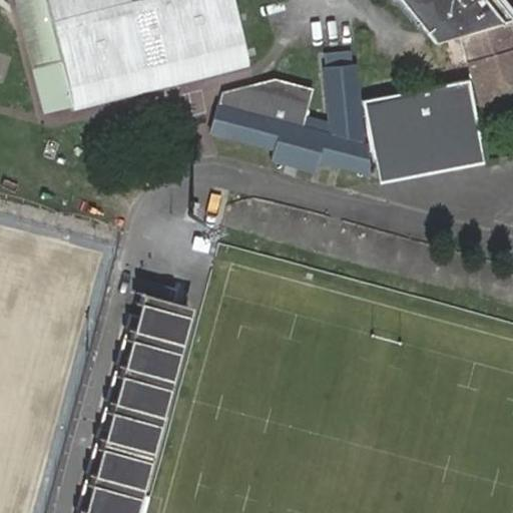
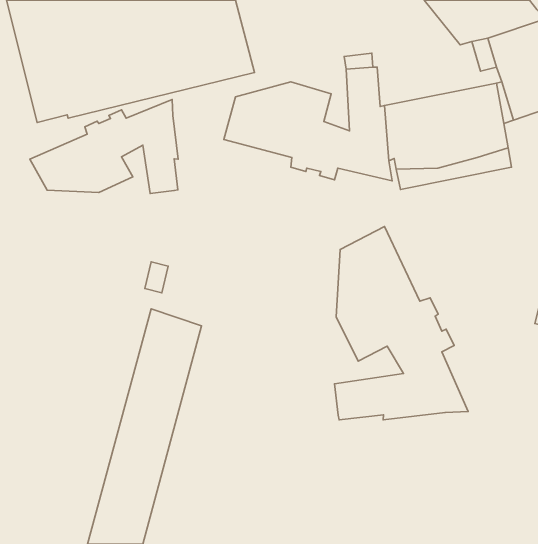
building: none -> [30,99,178,193]
building: none -> [334,227,468,420]

